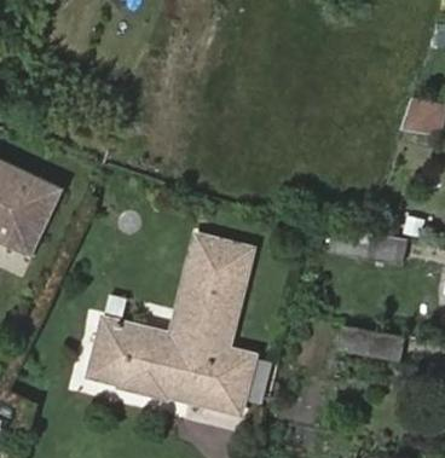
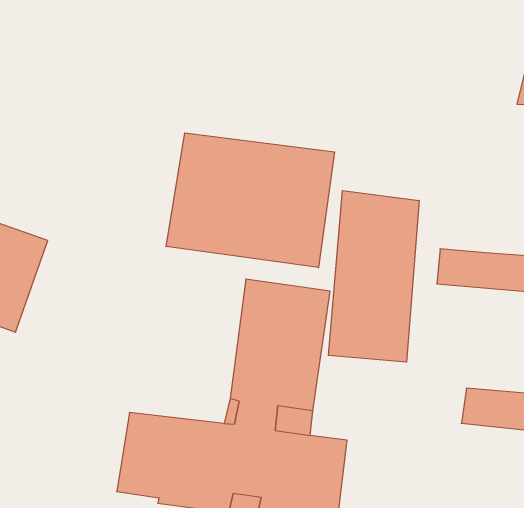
building: none -> [166,133,335,268]
building: none -> [328,191,419,362]

